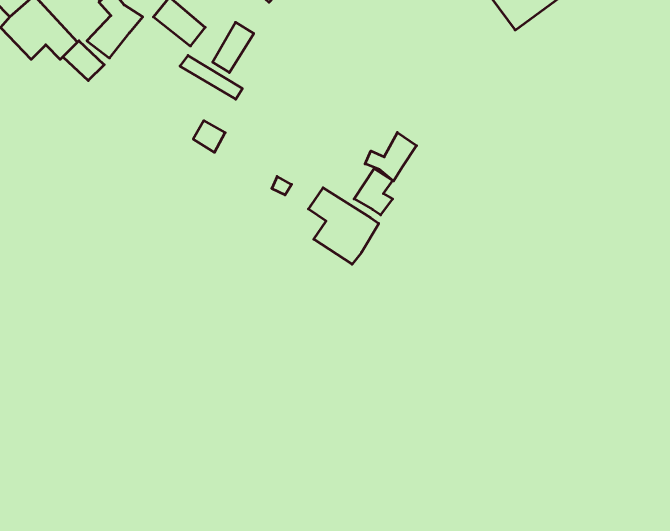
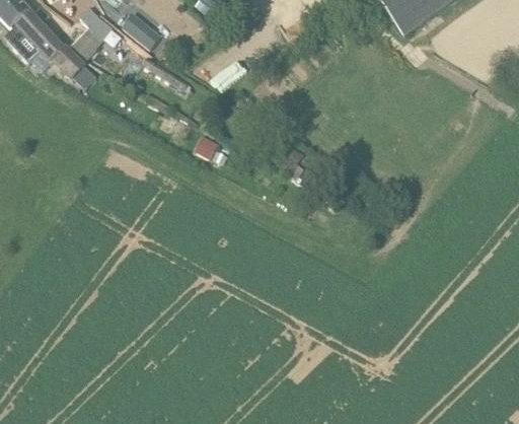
building: [213,22,254,73] -> none
building: [365,132,417,181] -> none
building: [308,188,379,264] -> none

